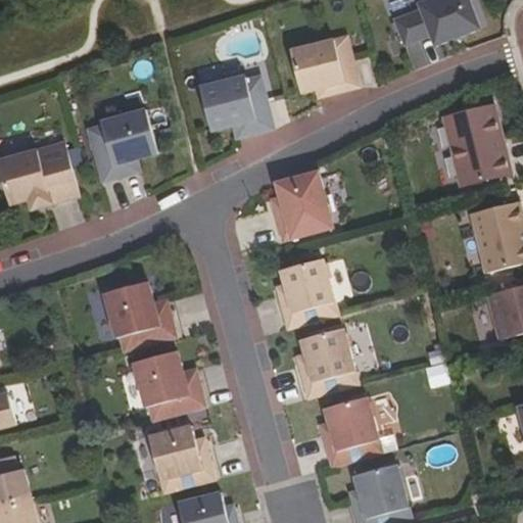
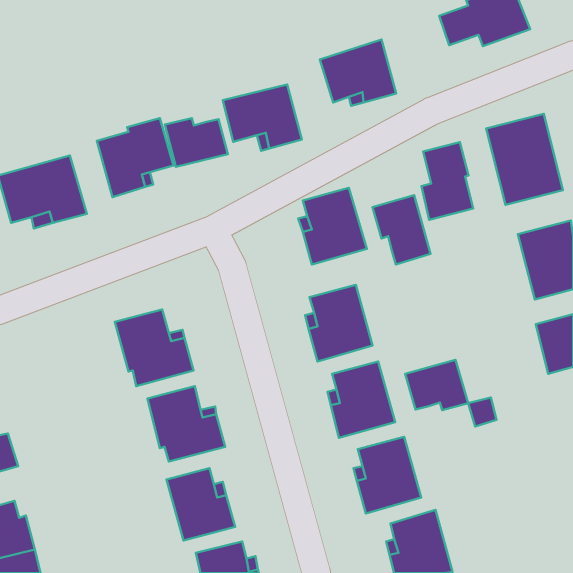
building: none -> [165,118,228,167]
building: none -> [422,142,473,220]
building: none -> [372,195,431,265]
building: none -> [405,360,468,410]

